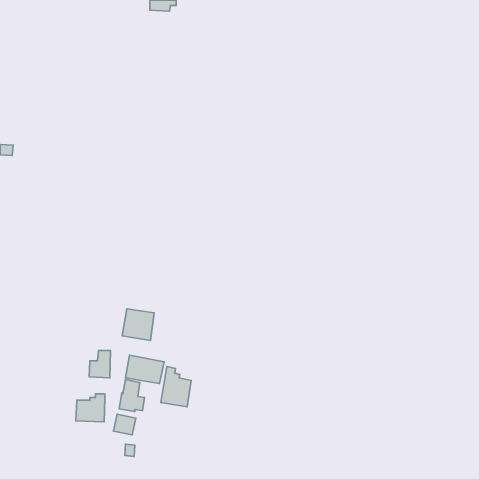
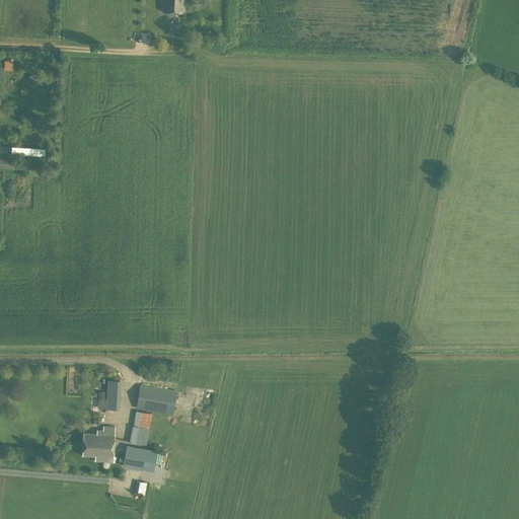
building: [122,309,154,340] -> none
building: [161,367,191,407] -> none

